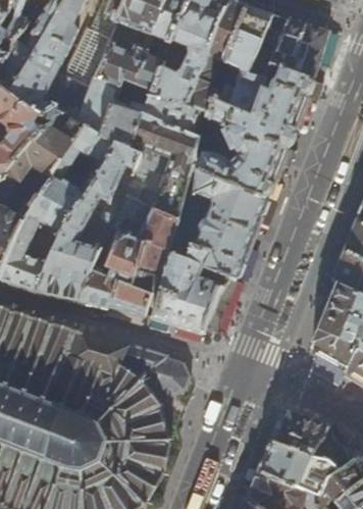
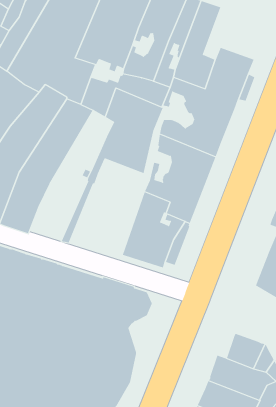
building: [271,20,326,80] -> none
building: [37,142,141,302] -> none
building: [87,201,178,317] -> none

